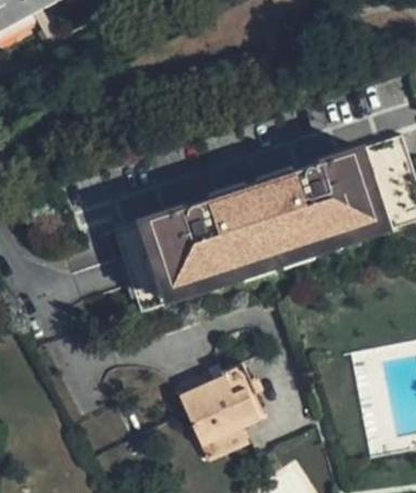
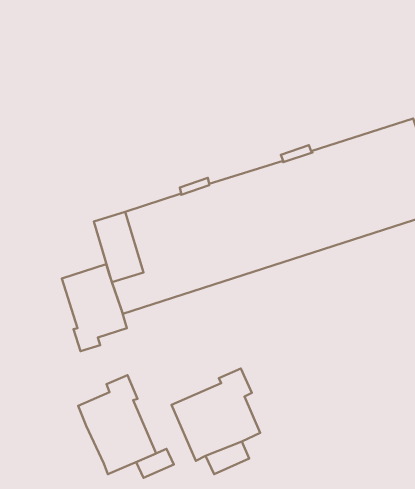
building: none -> [62,264,127,351]
building: none -> [78,375,156,474]

